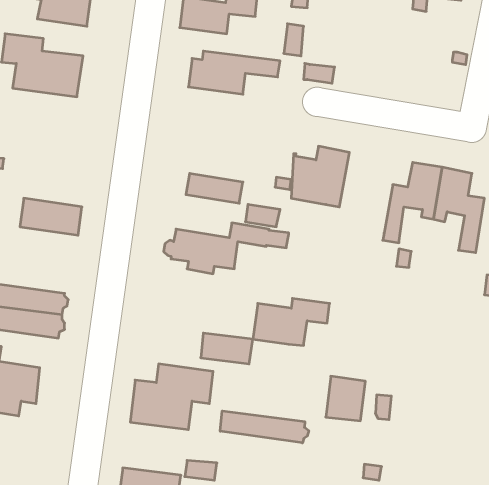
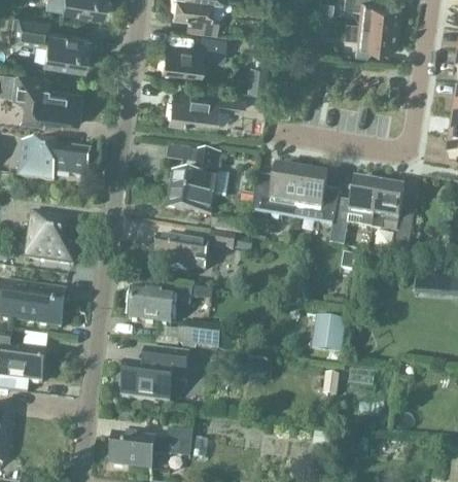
building: none -> [19,140,90,177]
building: none -> [169,147,219,196]
building: none -> [293,171,339,222]
building: none -> [25,233,76,263]
building: [253,298,330,345] -> [128,283,191,322]
building: [326,376,365,421] -> [311,315,344,352]
building: [220,411,309,443] -> none

